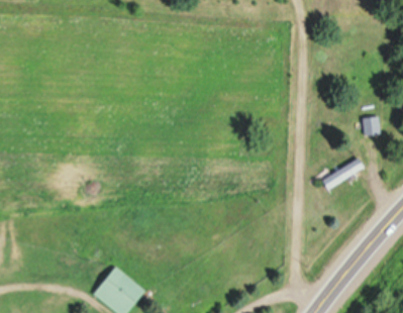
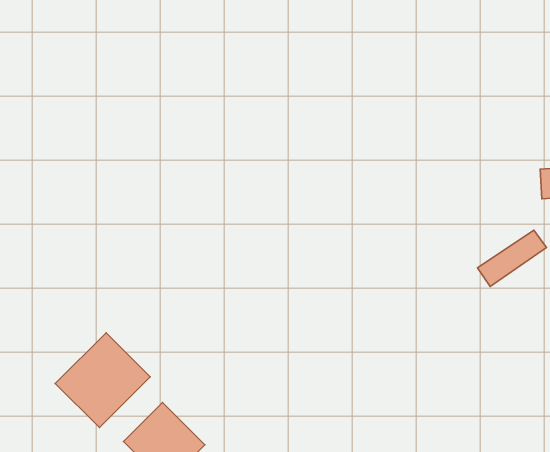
building: none -> [55,333,150,428]

